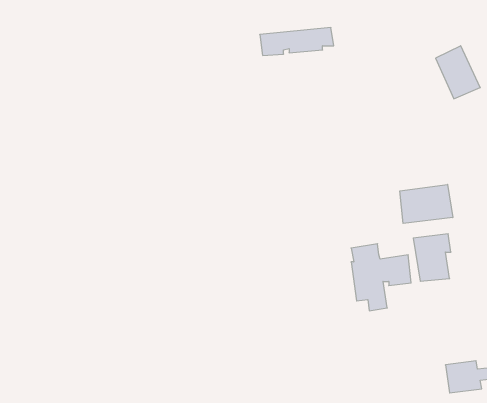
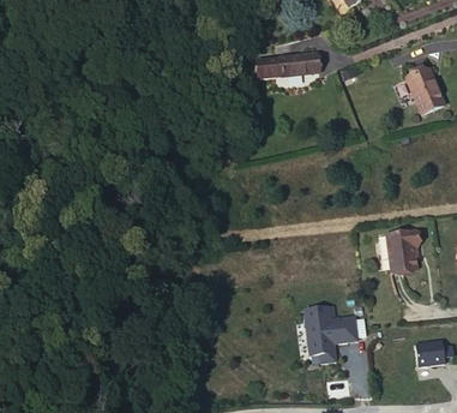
building: [400,184,453,223] -> none
building: [351,244,411,311] -> [307,304,359,361]

